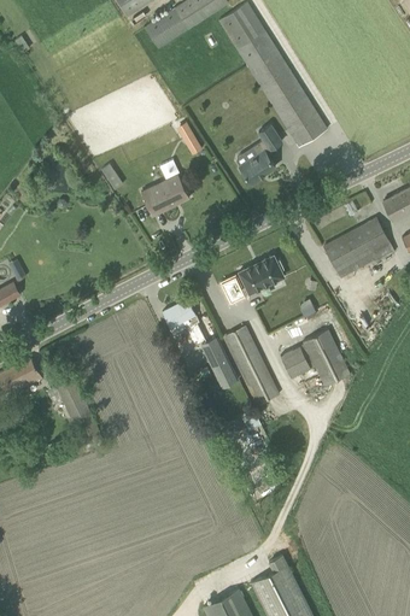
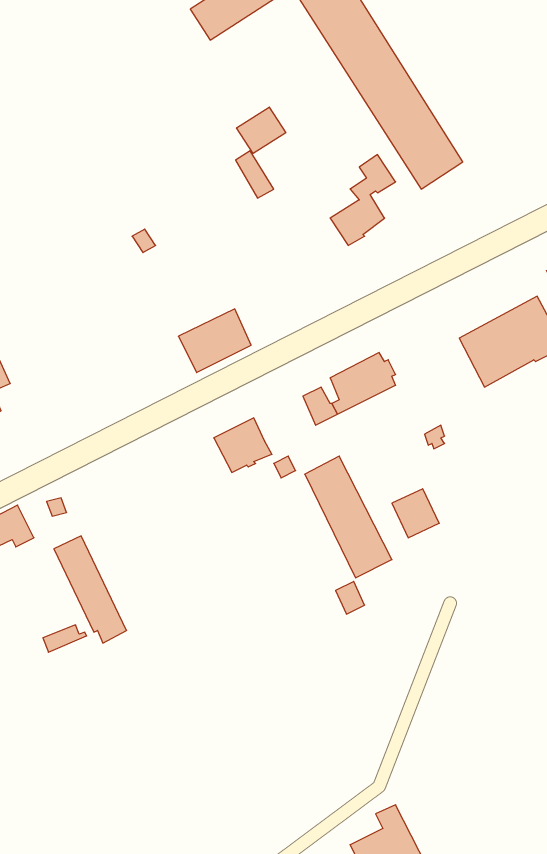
building: none -> [237,107,286,153]
building: [141,174,189,216] -> [178,309,251,373]
building: [303,329,350,386] -> none
building: [200,336,239,389] -> none

